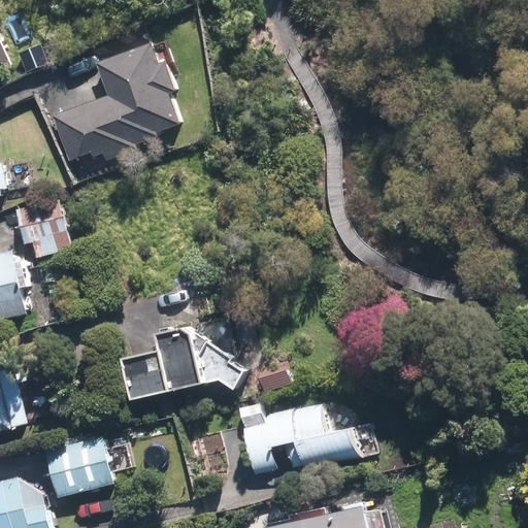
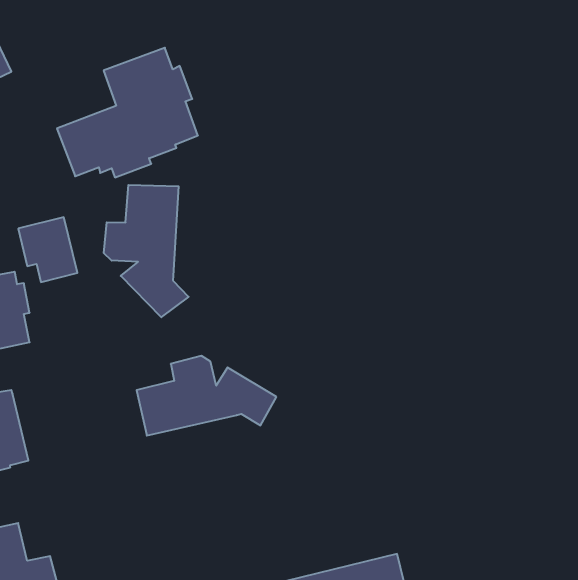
building: none -> [104,185,189,317]
building: [240,407,359,473] -> none
building: [48,438,114,496] -> none

